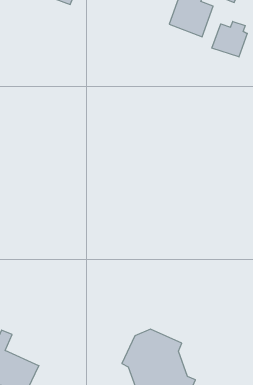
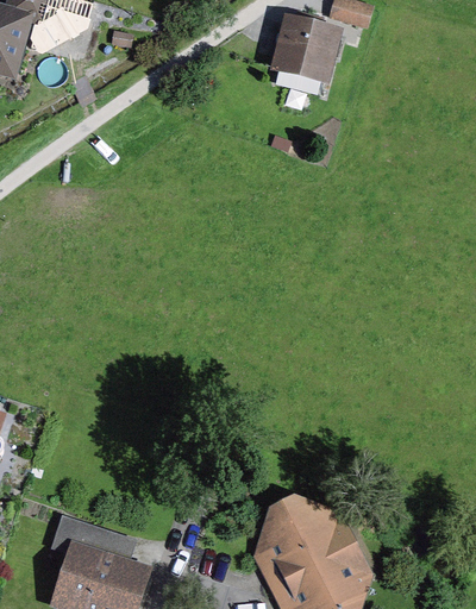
building: [212,21,247,57] -> none

